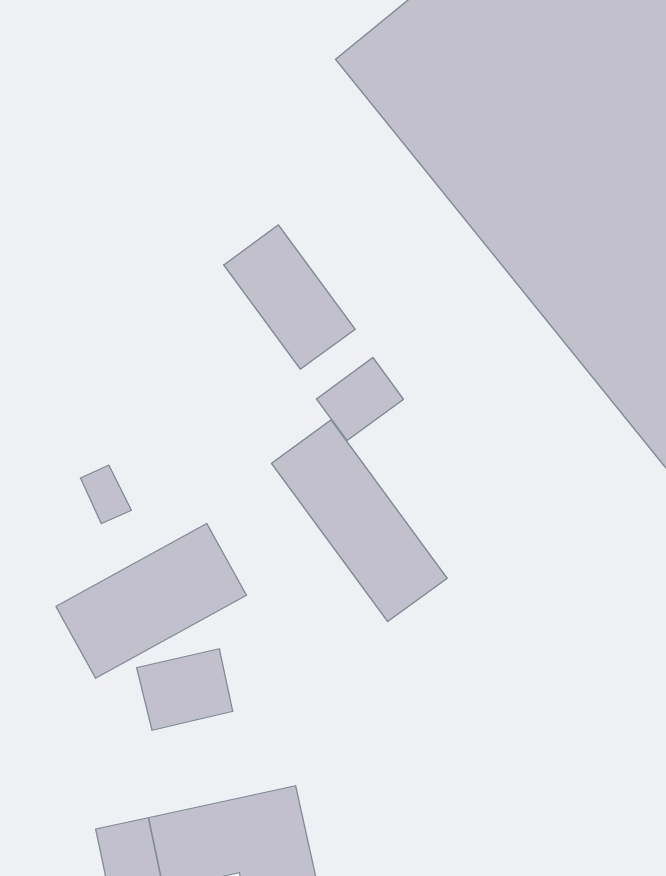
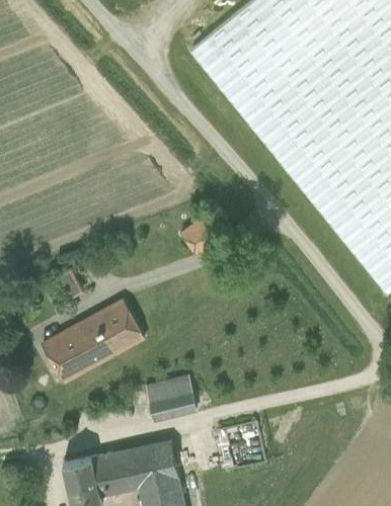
building: [224,225,355,369] -> none
building: [272,420,447,622] -> none
building: [137,649,233,730] -> [145,375,197,419]

